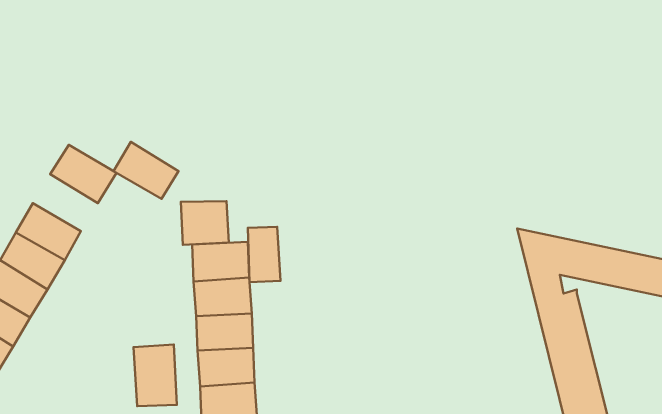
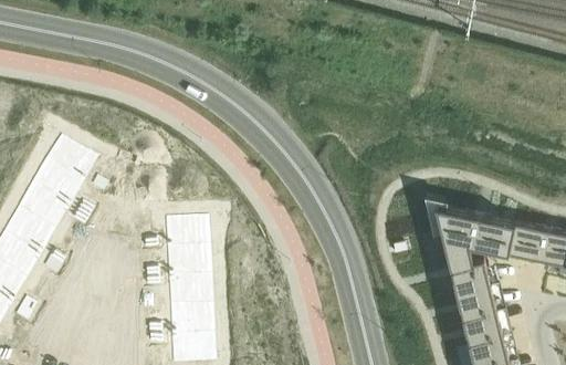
building: [114,142,179,199] -> [29,158,83,206]
building: [181,201,229,245] -> none
building: [248,227,280,282] -> none
building: [134,345,177,406] -> none

